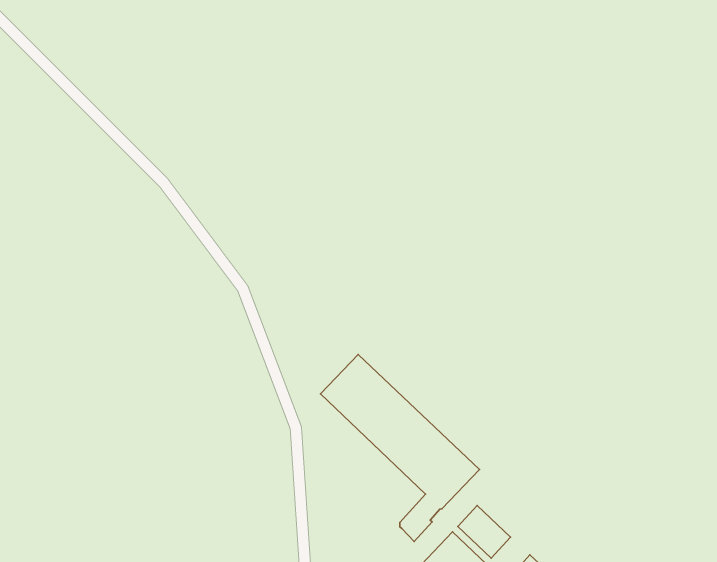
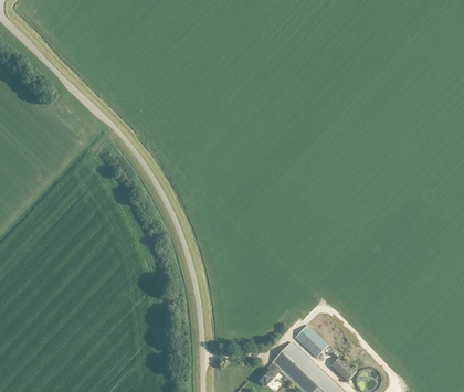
building: [321,354,480,542] -> none

